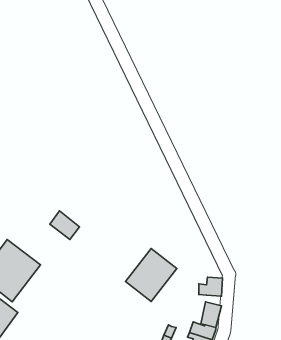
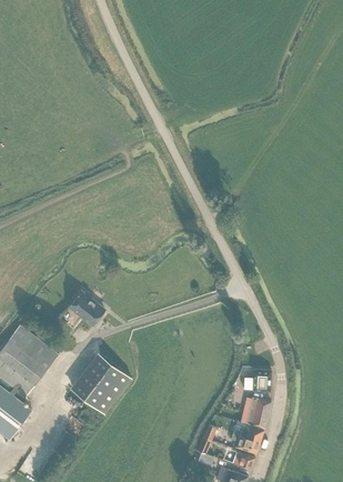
building: [126,248,177,302] -> [70,353,130,415]

